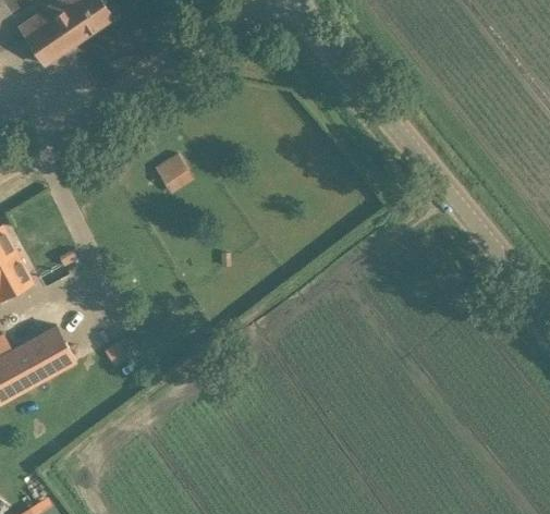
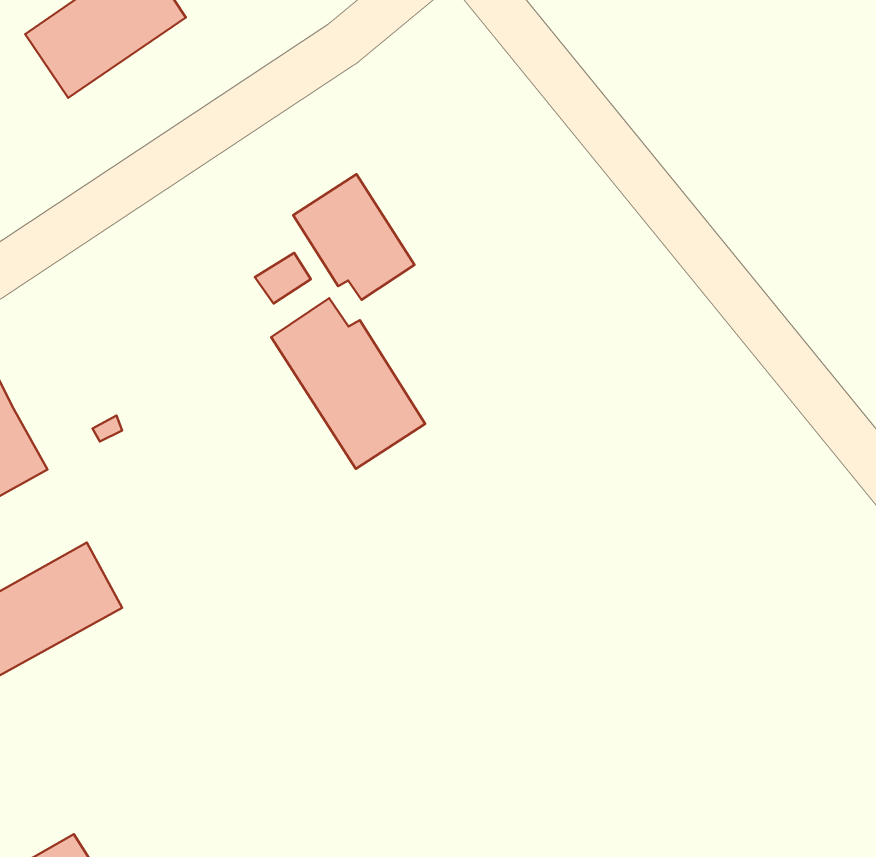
building: none -> [293,174,415,300]
building: none -> [271,298,425,469]

